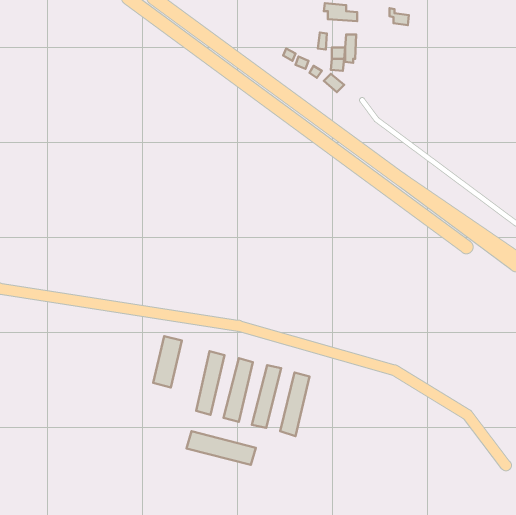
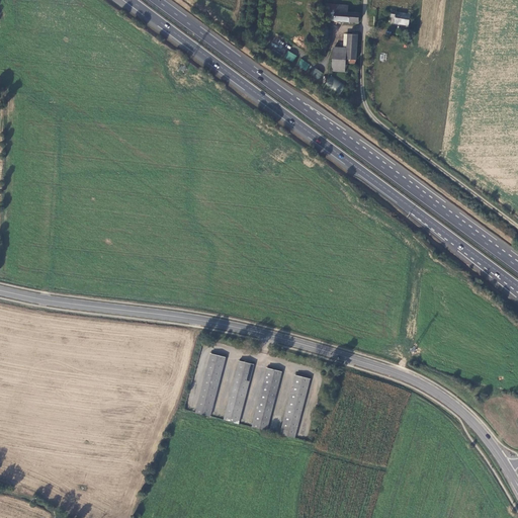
building: [153,336,182,387] -> none
building: [186,431,256,465] -> none

